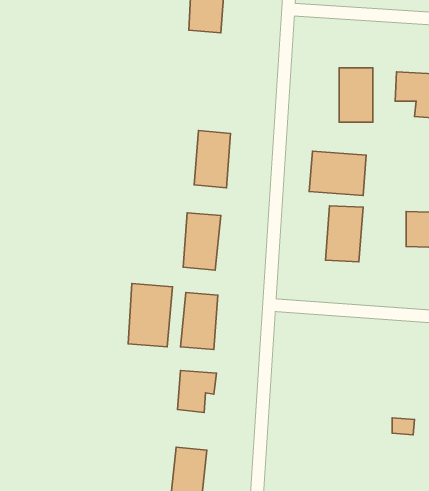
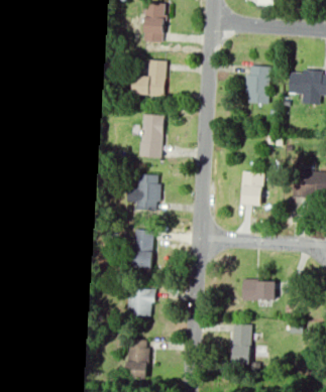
building: none -> [131,57,167,96]
building: [309,151,366,196] -> none
building: [128,283,172,347] -> none
building: none -> [237,277,278,302]
building: none -> [227,322,254,363]

